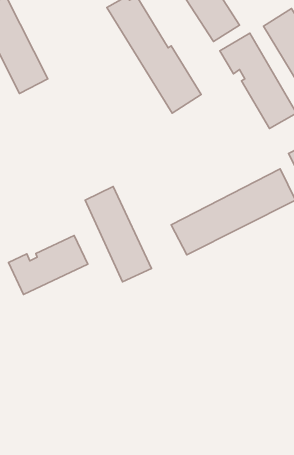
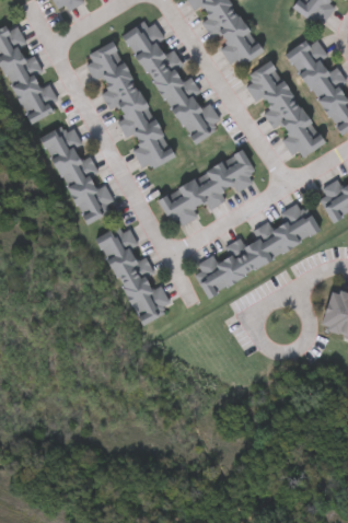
building: none -> [83,40,174,171]
building: none -> [43,121,115,224]
building: none -> [156,152,254,229]
building: [8,236,88,295] -> none

